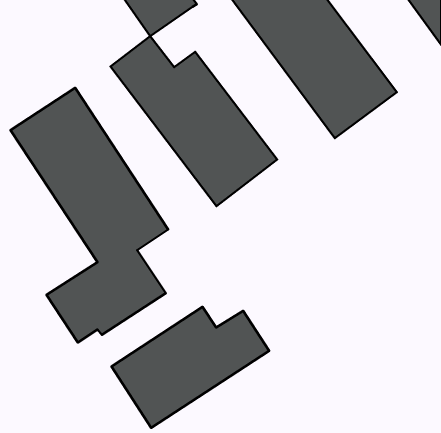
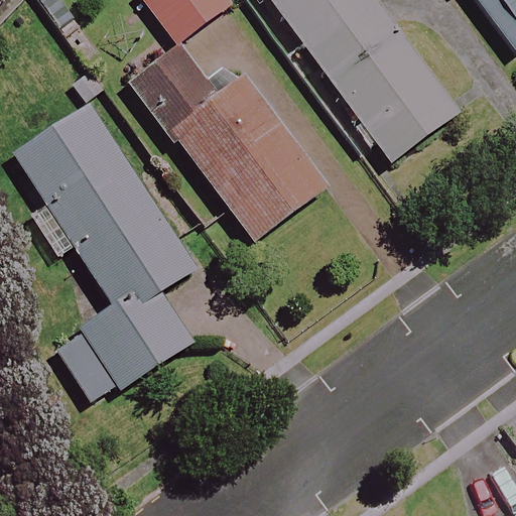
building: [112,307,269,428] -> none

